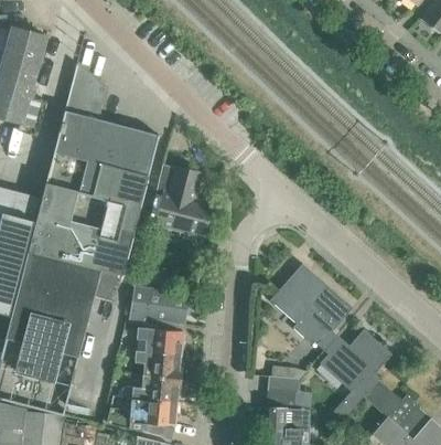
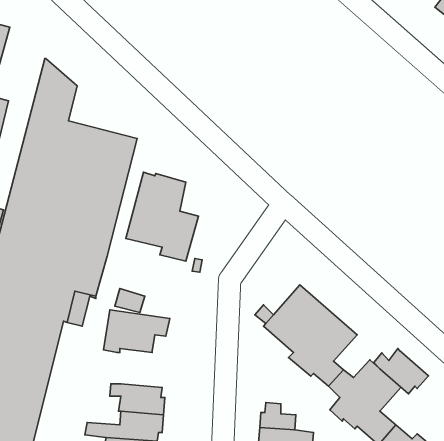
building: none -> [374,348,429,394]
building: [137,320,183,354] -> none

